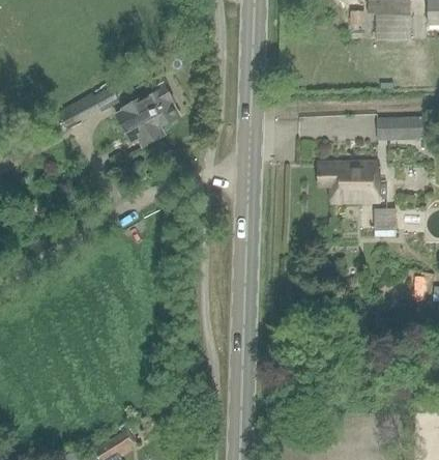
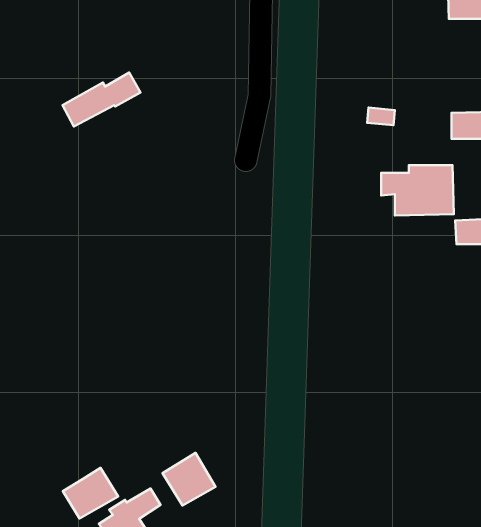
building: [112,87,178,146] -> none
building: none -> [162,453,215,506]
building: none -> [63,468,118,519]

